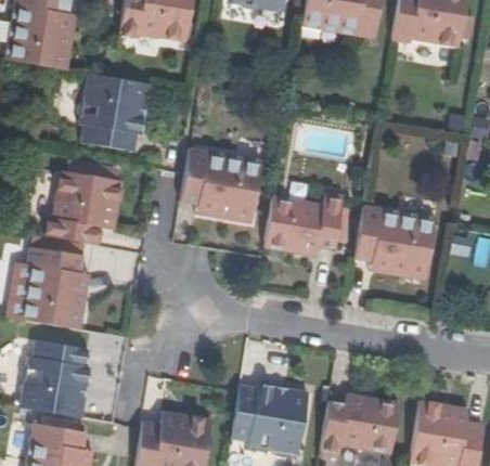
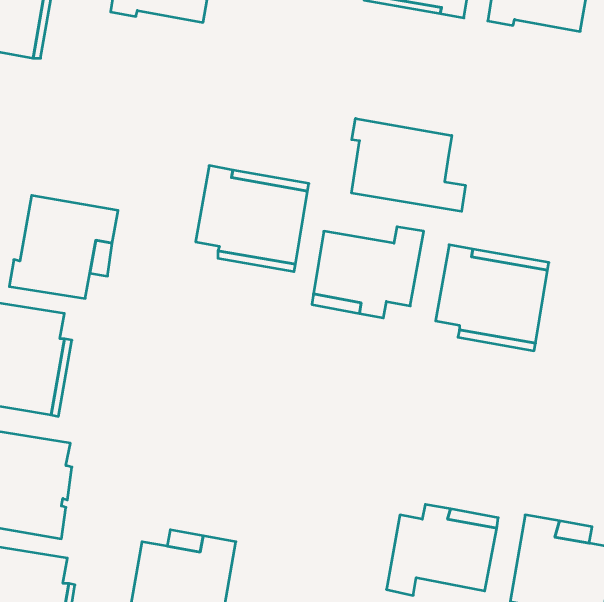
building: [77,73,151,151] -> none
building: none -> [352,118,465,211]
building: [230,384,309,454] -> none

